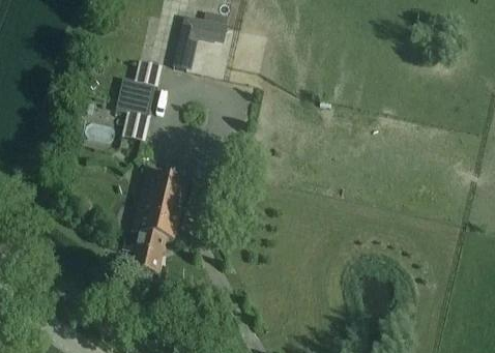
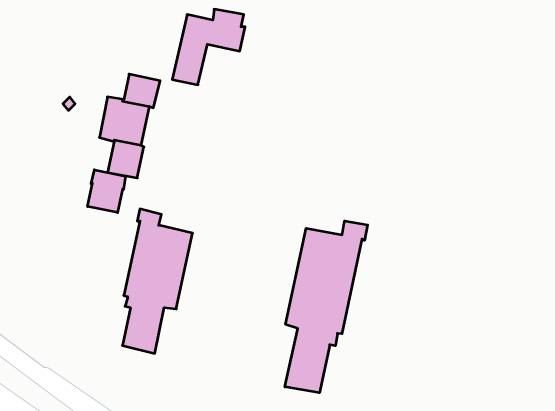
building: none -> [88,170,125,213]
building: none -> [285,221,368,393]

